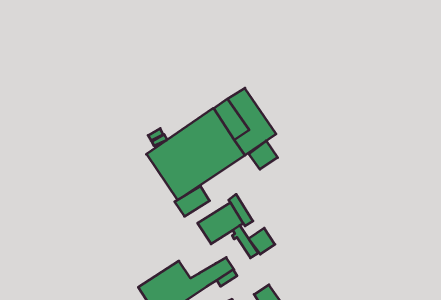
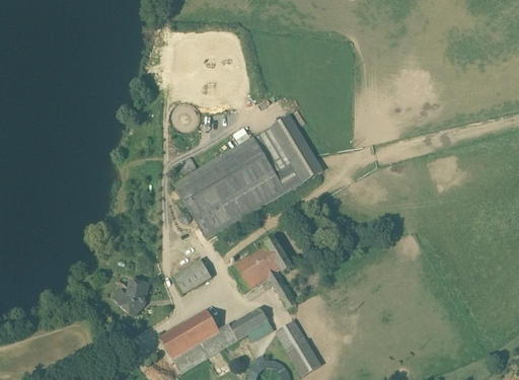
building: [249,141,278,169] -> none
building: [175,186,210,216] -> [171,259,211,293]
building: [249,228,275,254] -> [277,321,306,351]
building: none -> [116,279,148,314]

